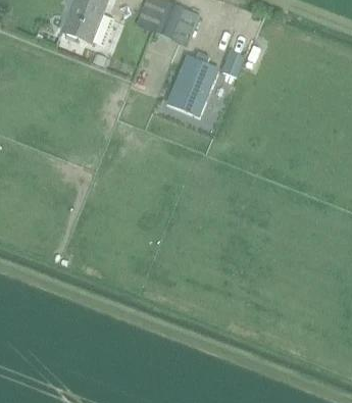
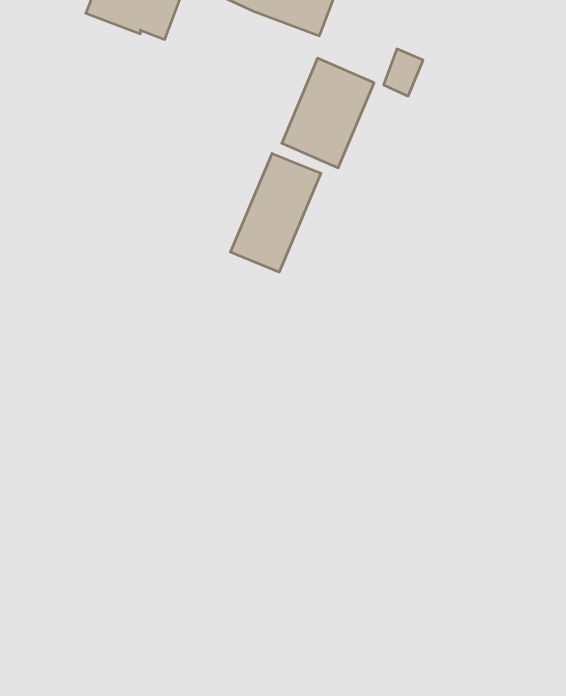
building: none -> [230,153,321,272]

